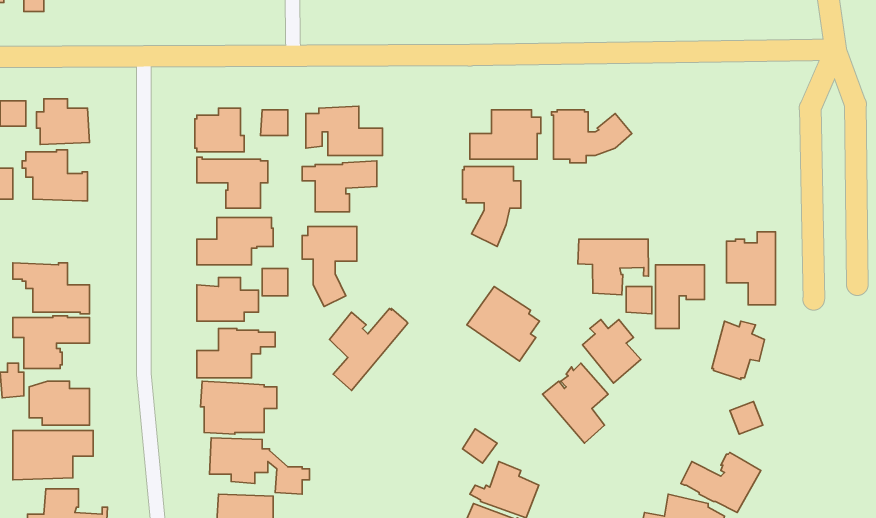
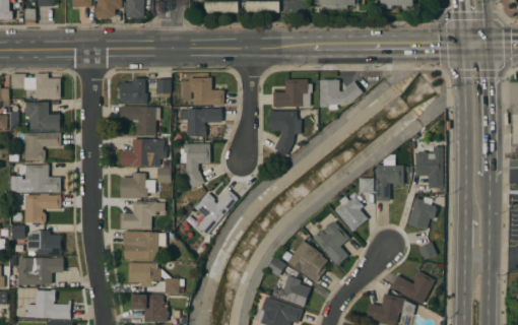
building: none -> [16,132,60,160]
building: [578,239,648,295] -> none
building: [467,287,540,361] -> [287,241,328,282]

